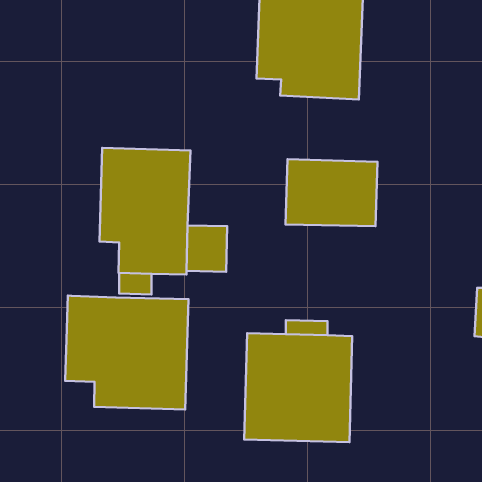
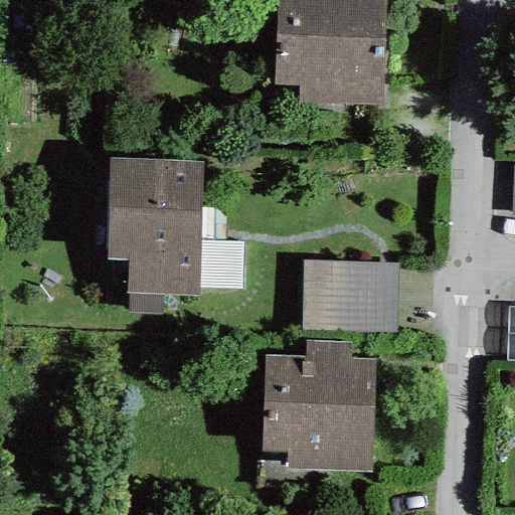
building: [286,159,377,226] -> [301,259,398,330]
building: [65,295,188,410] -> none

